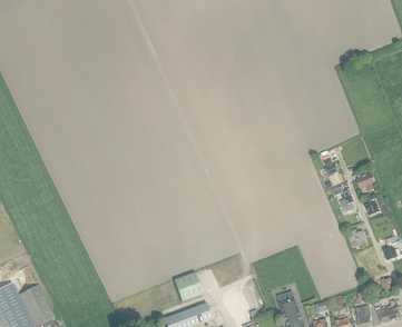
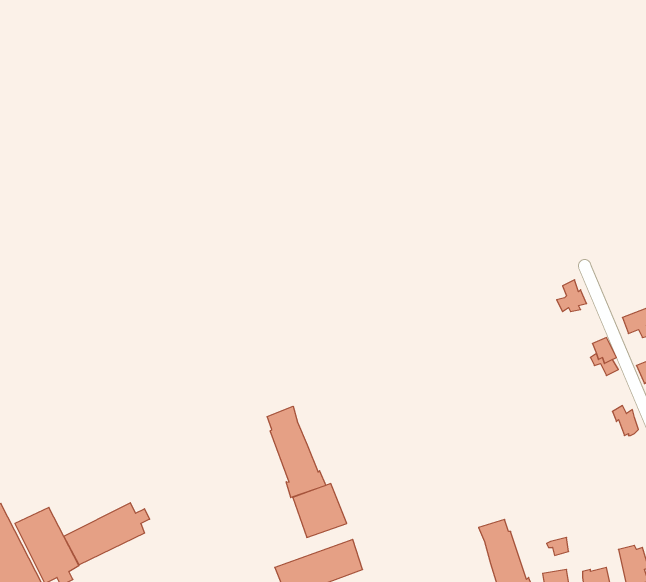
building: none -> [267,406,326,498]
building: none -> [64,503,150,565]

